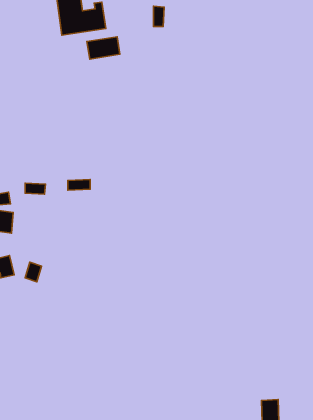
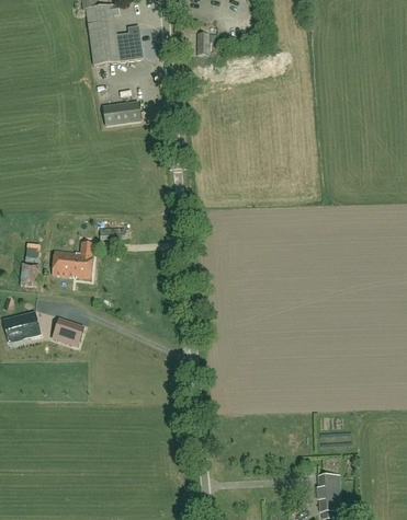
building: [87,37,120,59] -> [105,101,143,126]
building: none -> [53,242,93,278]

